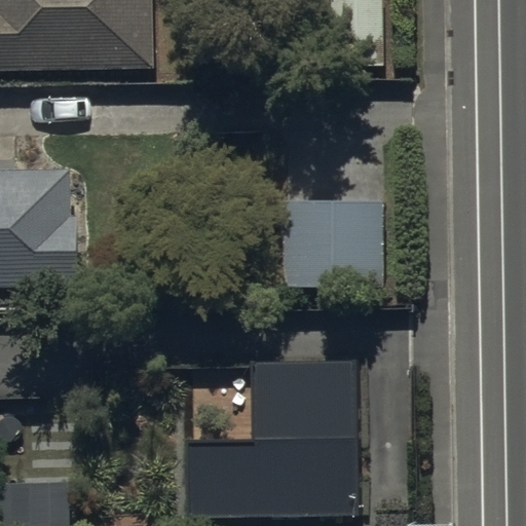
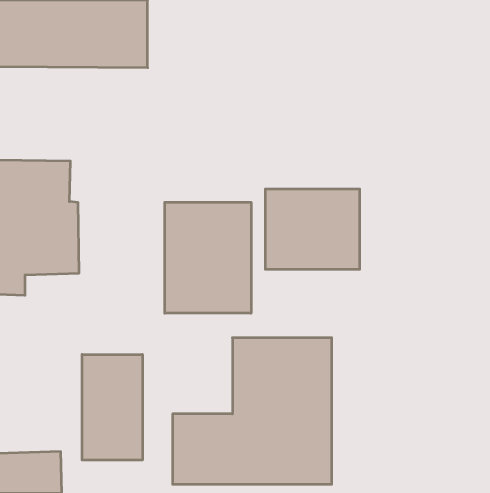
building: none -> [165,202,251,313]
building: none -> [82,354,142,460]

